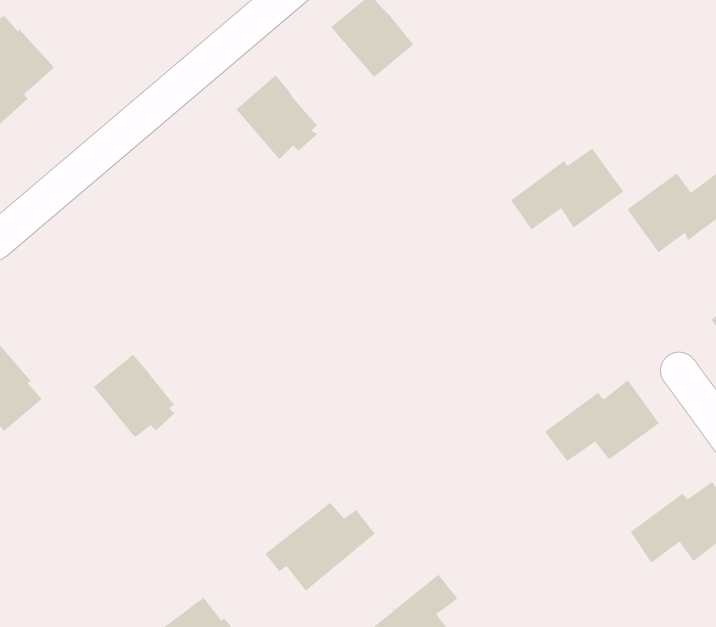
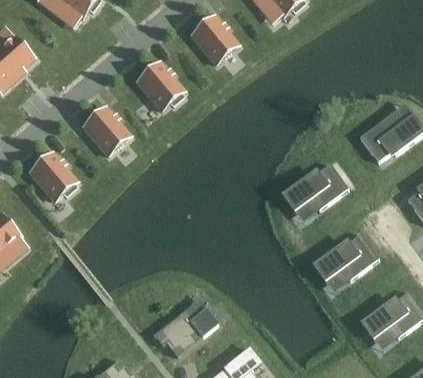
building: [510,148,624,230] -> [282,165,347,212]
building: none -> [82,106,130,155]
building: [93,354,175,438] -> [29,152,76,200]

